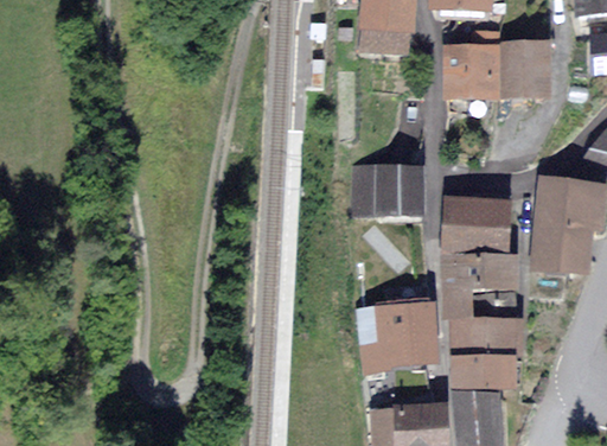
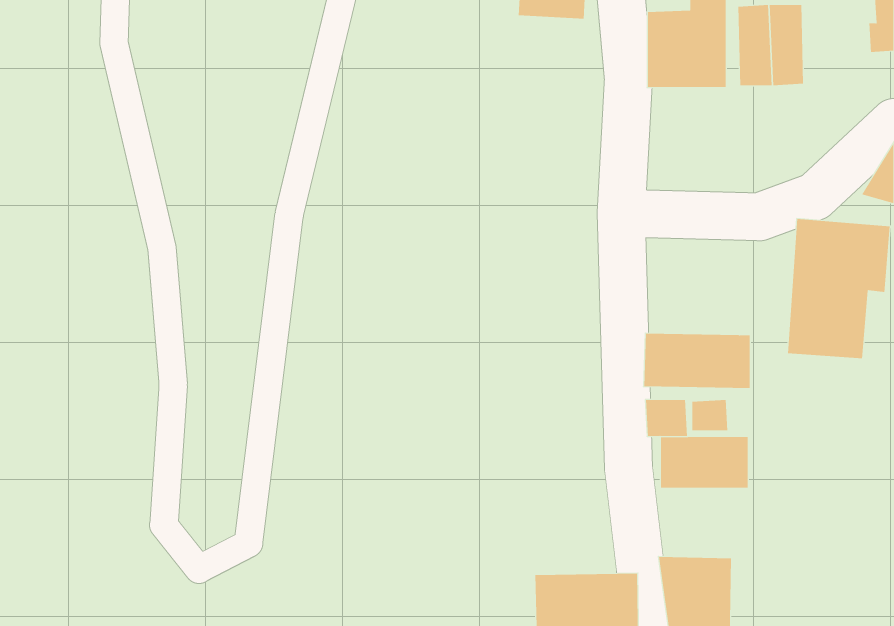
building: [358,167,421,214] -> none
building: [446,200,507,254] -> none
building: [362,304,435,368] -> none
building: [455,352,513,384] -> none

